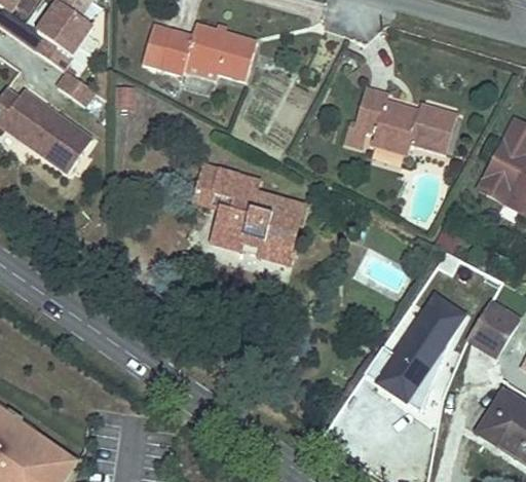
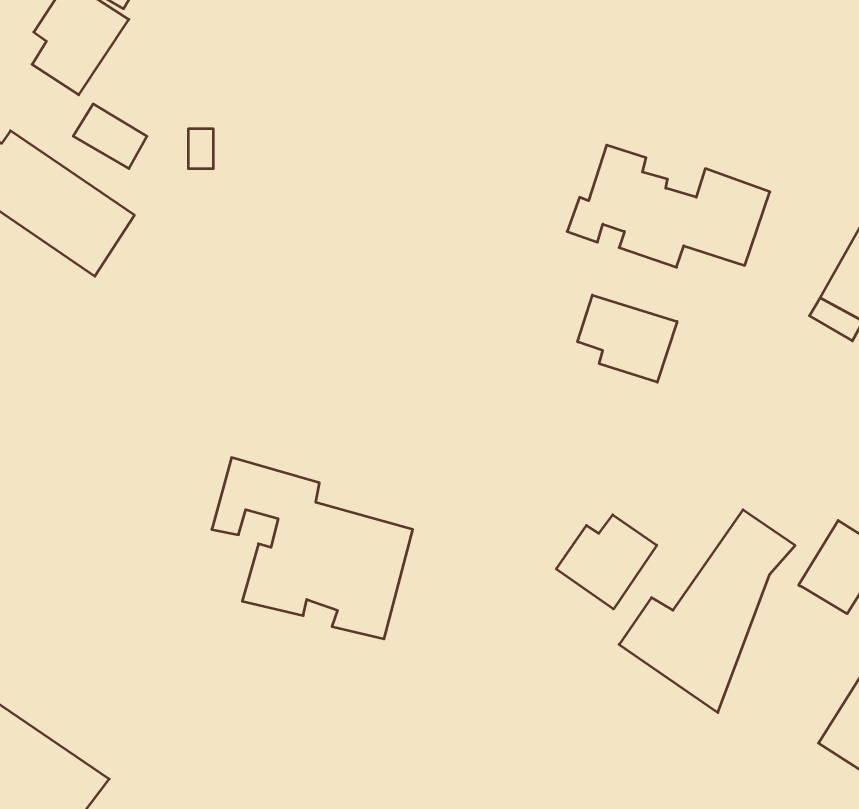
building: [133,22,249,85] -> none
building: [191,164,306,268] -> [212,458,413,639]
building: none -> [578,295,677,382]
building: none -> [556,515,657,609]

